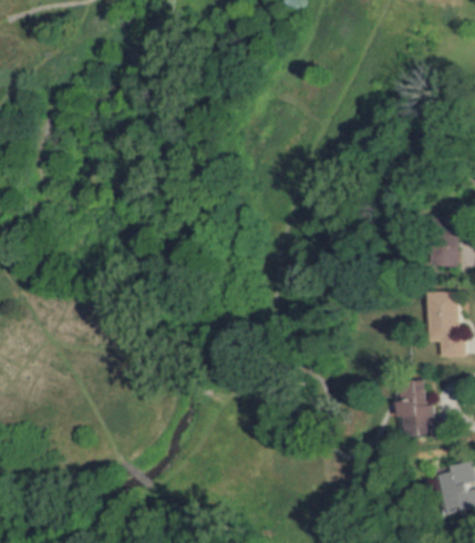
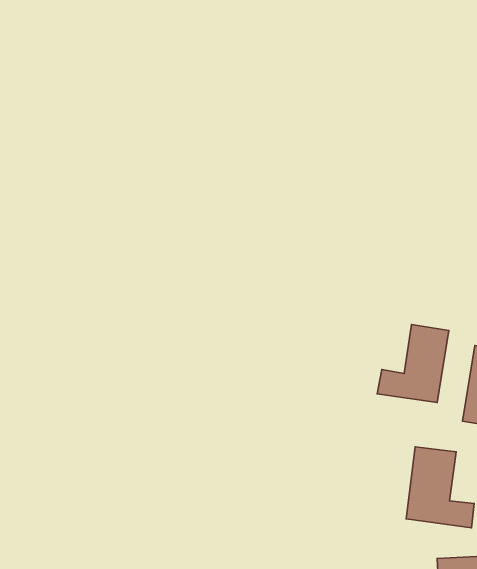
building: none -> [377,325,449,402]

